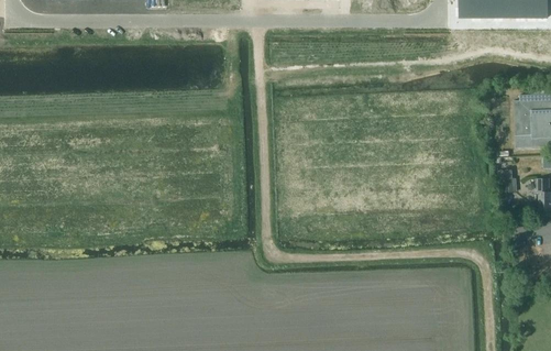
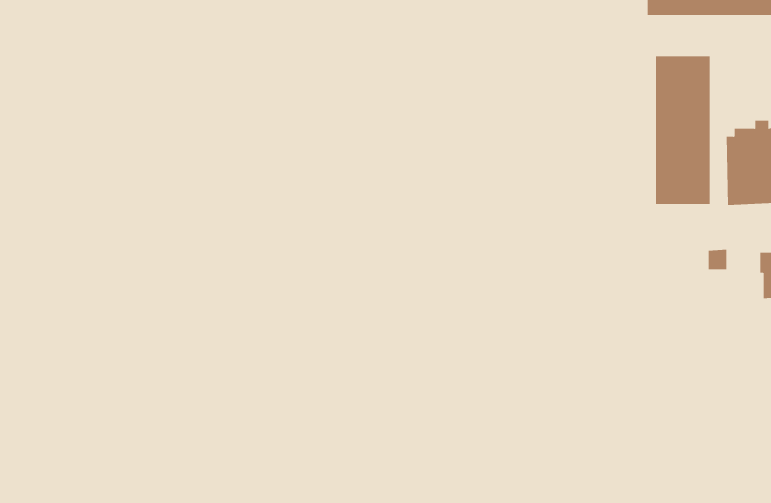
building: none -> [655,55,710,205]

